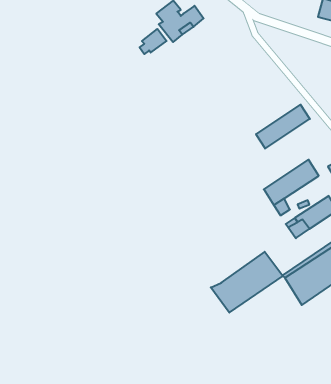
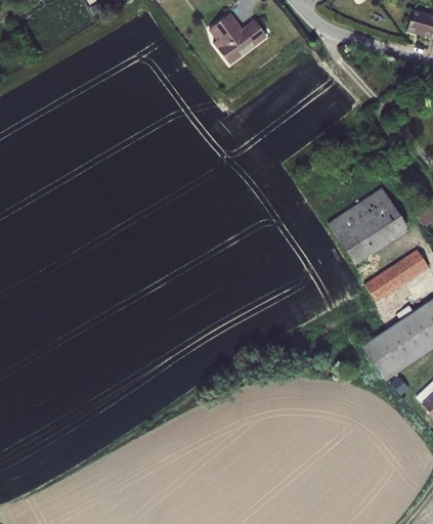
building: [140,29,167,54] -> none
building: [256,105,310,149] -> [329,187,394,241]
building: [211,252,283,313] -> none

